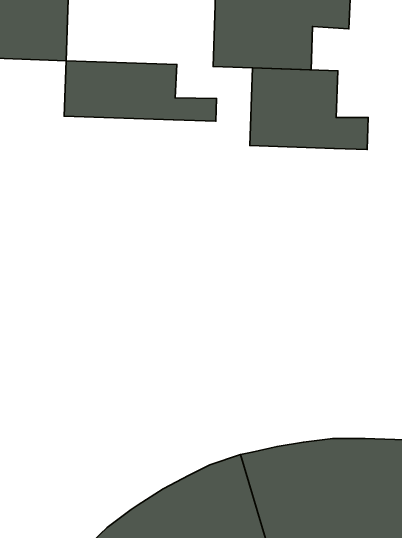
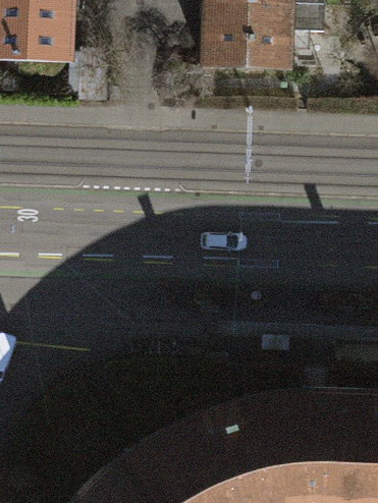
building: [64,61,217,121] -> none
building: [250,68,368,150] -> none

